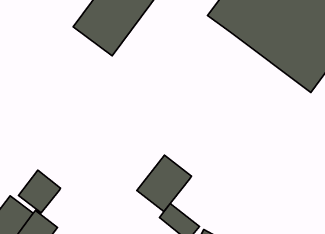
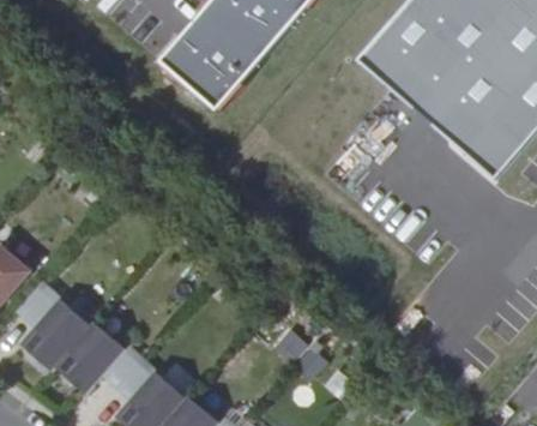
building: [137,155,192,211] -> none
building: [19,170,61,213] -> none

